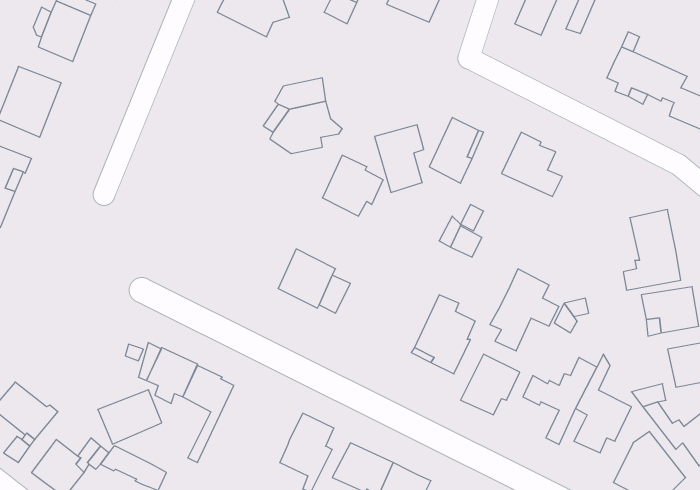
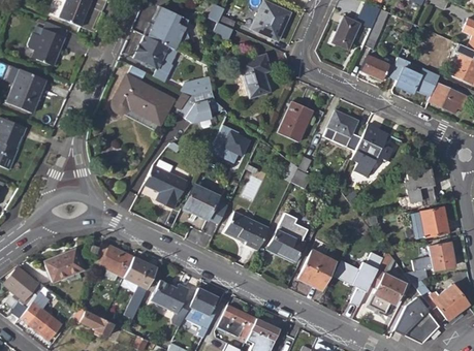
building: none -> [134,35,178,83]
building: none -> [360,55,393,79]
building: none -> [112,66,173,125]
building: [375,125,424,192] -> [239,55,270,97]
building: none -> [144,165,187,209]
building: [490,269,559,351] -> [350,125,393,177]
building: none -> [224,212,268,251]
building: [98,390,162,444] -> [43,249,84,283]
building: none -> [150,280,190,327]

